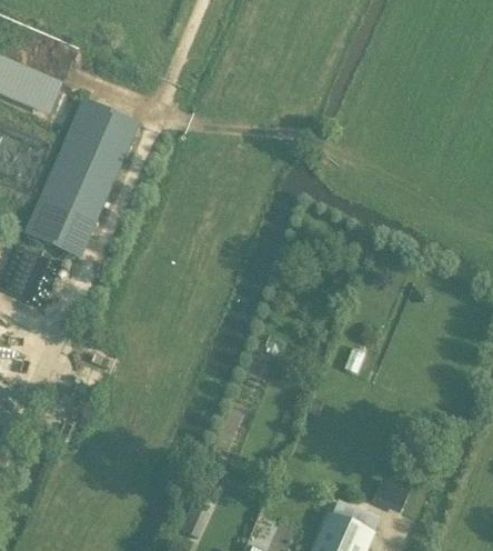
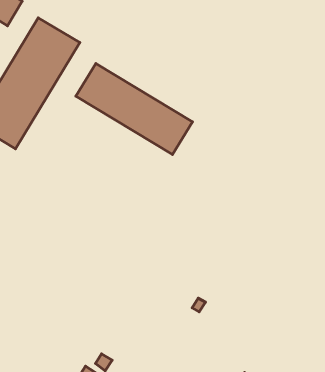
building: none -> [76,63,193,155]

